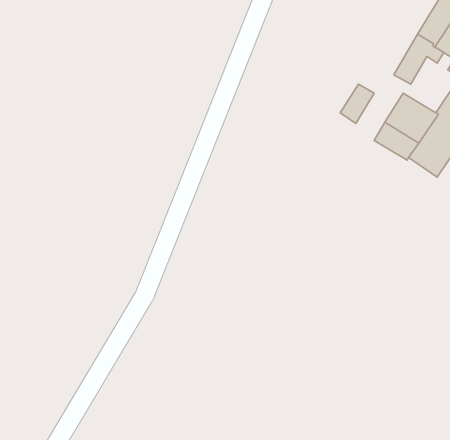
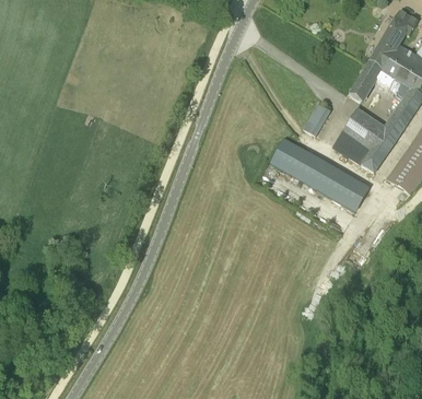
building: none -> [270,138,368,211]

